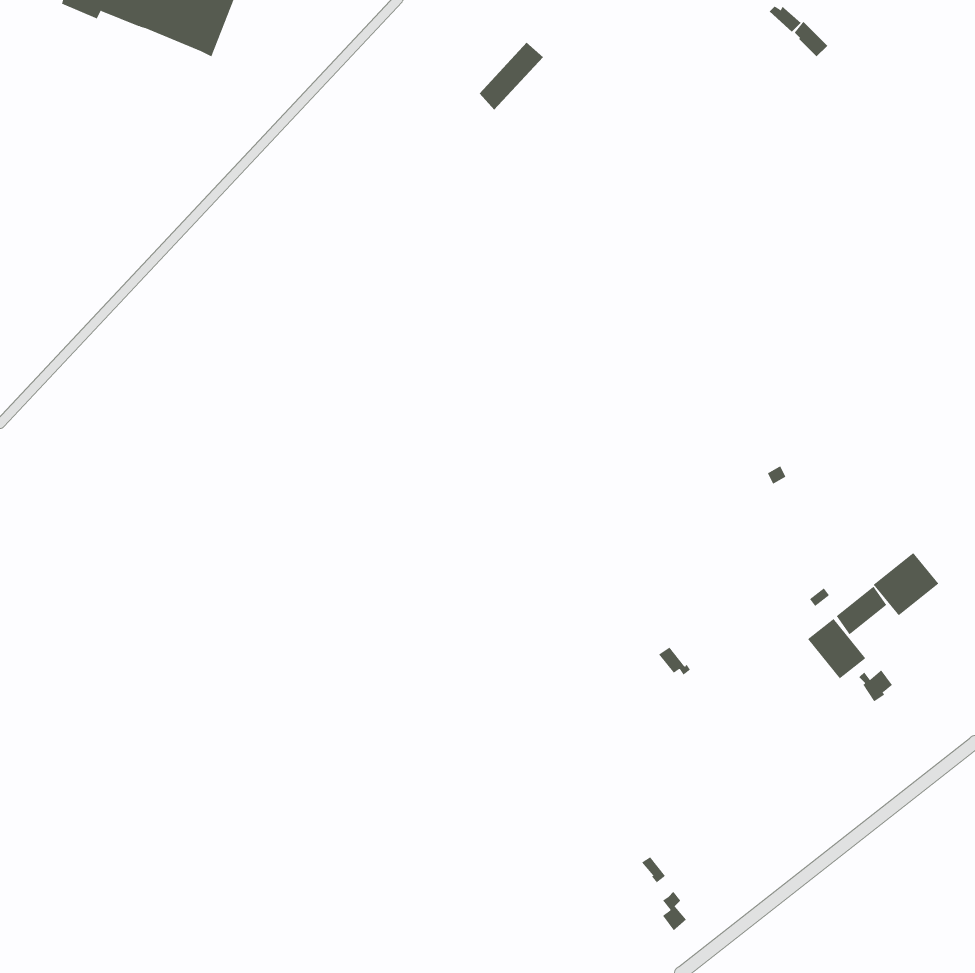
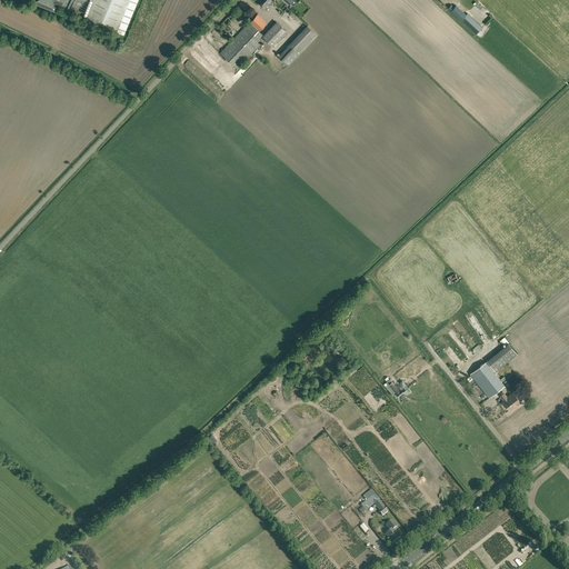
building: none -> [220,12,287,68]
building: [873,552,939,616] -> none

